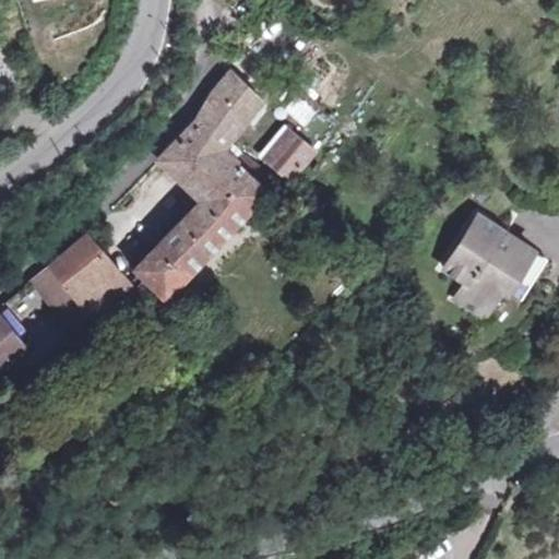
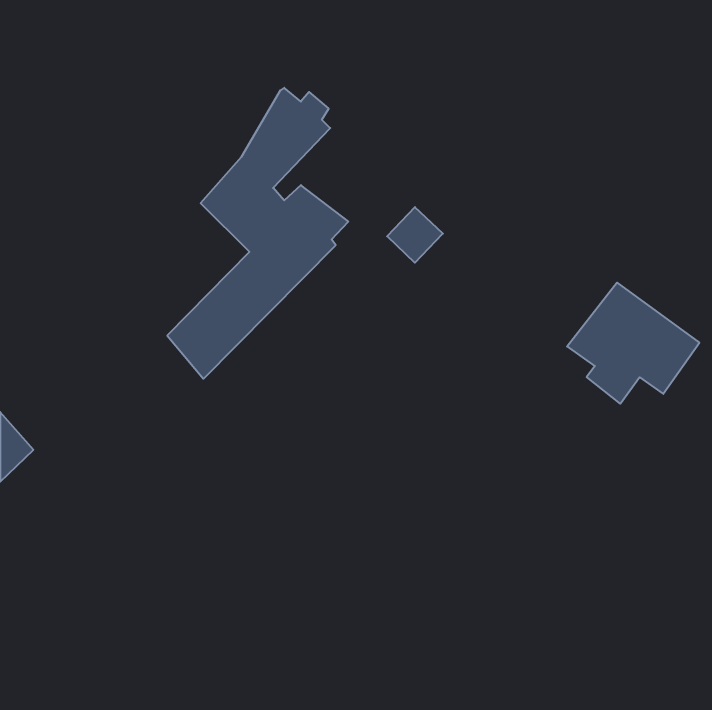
building: [267,127,311,170] -> [387,207,443,263]
building: [29,240,132,341] -> none

